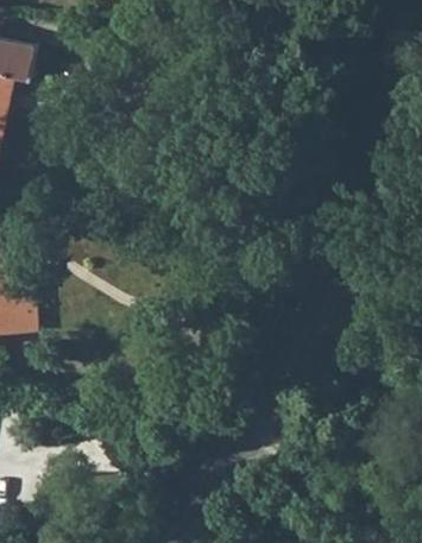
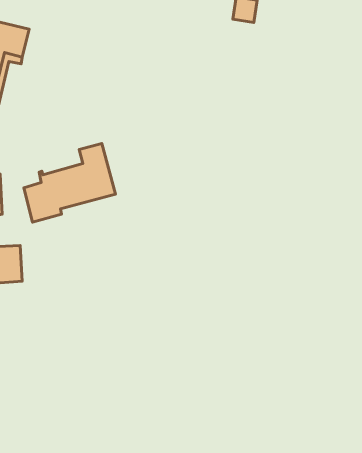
building: none -> [24,143,115,222]

